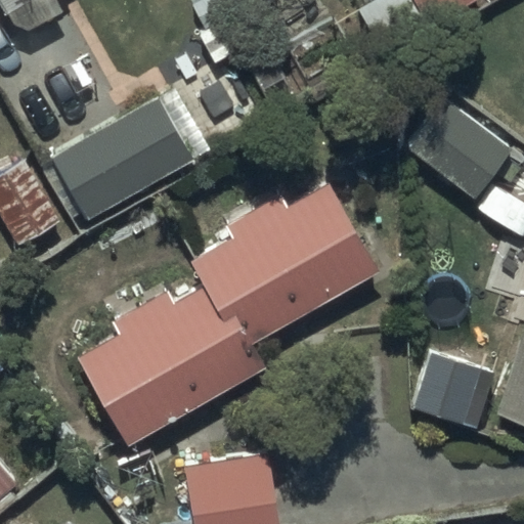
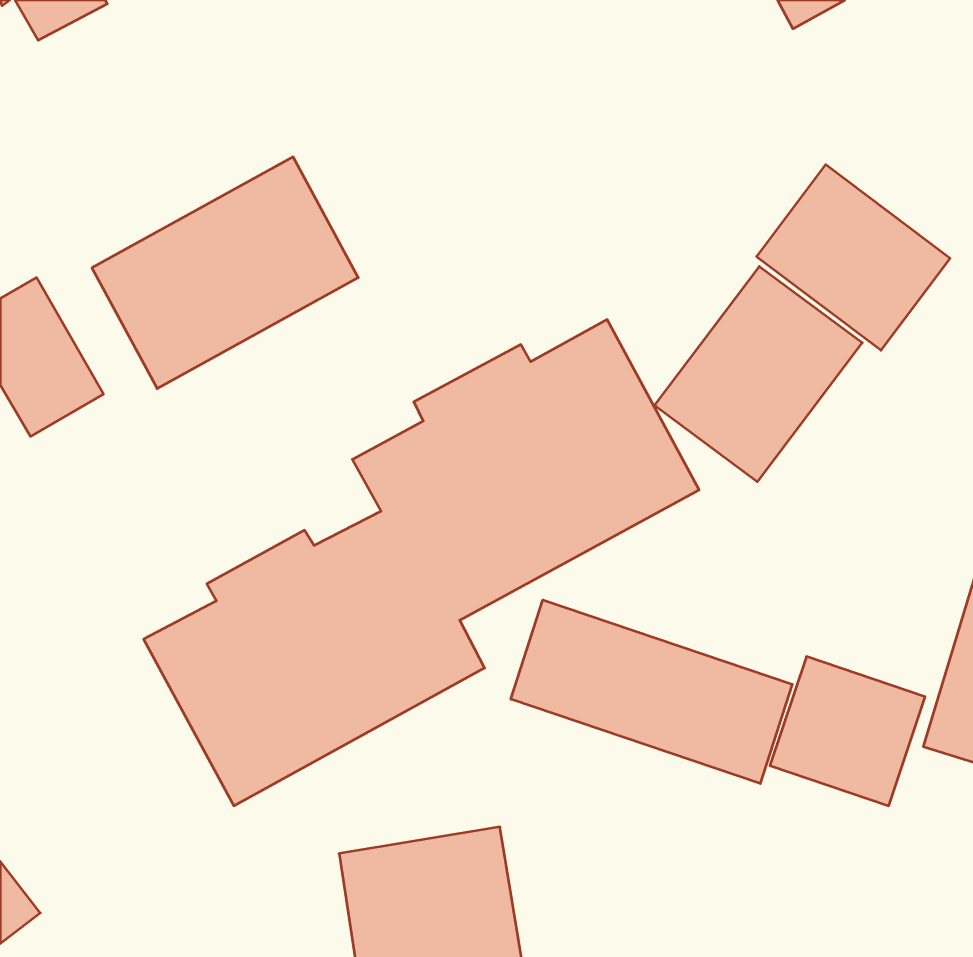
building: none -> [655,266,862,482]
building: none -> [511,600,792,784]

